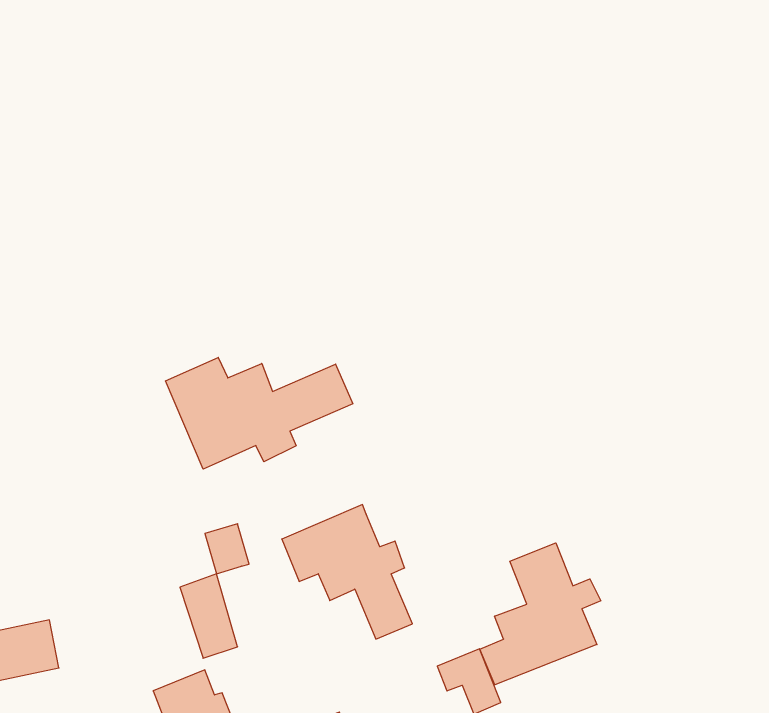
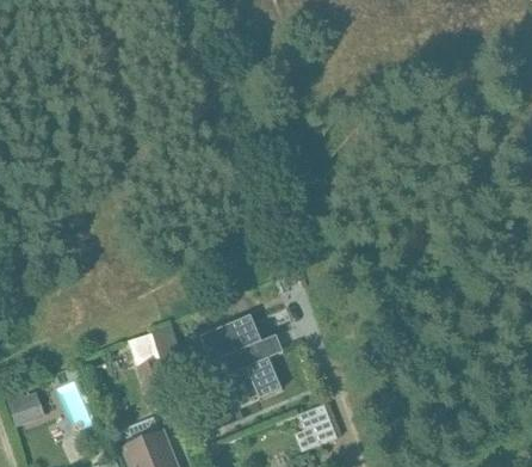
building: [165,357,353,469] -> none
building: [480,543,601,685] -> none

